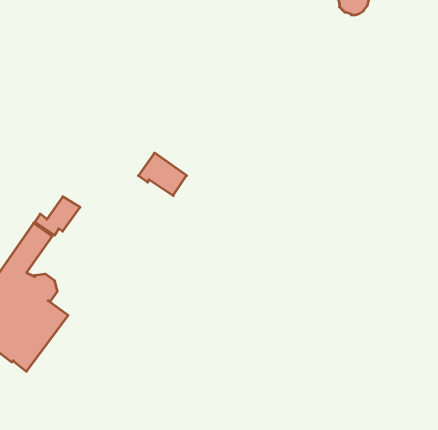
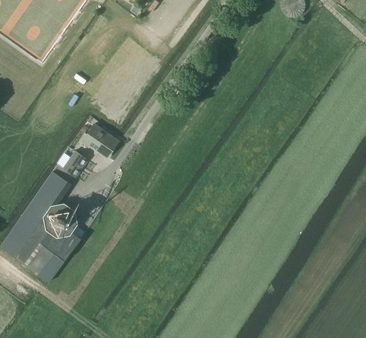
building: [138,153,187,196] -> [83,123,119,155]

